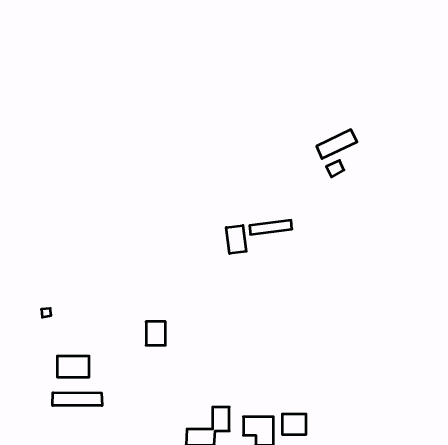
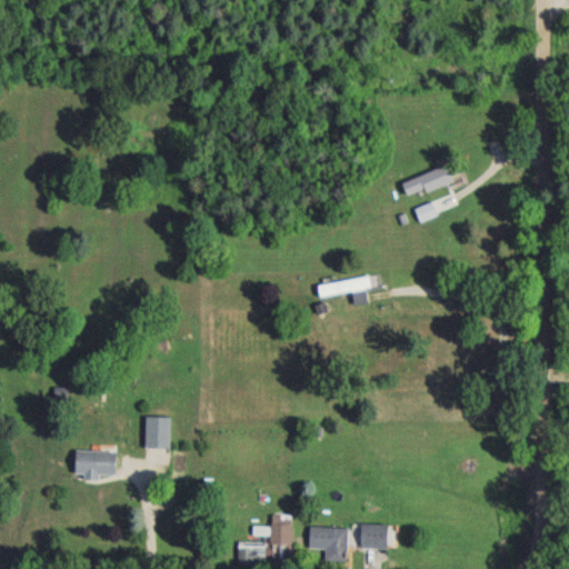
building: [226,225,246,254] -> none
building: [146,322,165,345] -> [146,417,170,447]
building: [53,393,102,406] -> none

